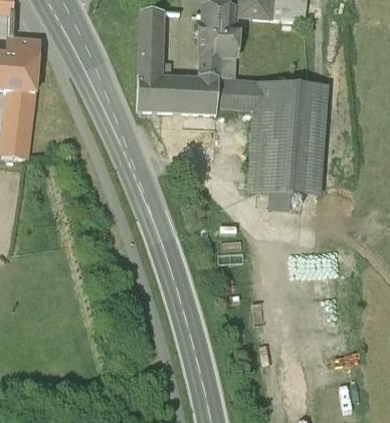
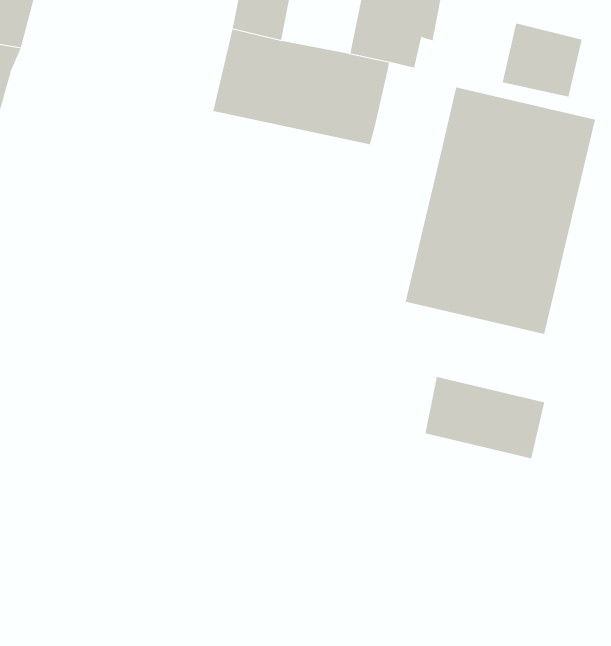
building: [218,75,255,109] -> [502,23,583,97]
building: none -> [425,376,545,459]

